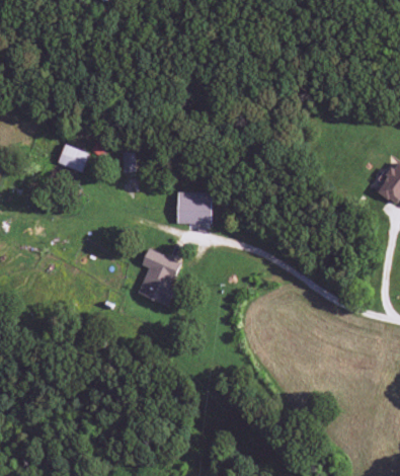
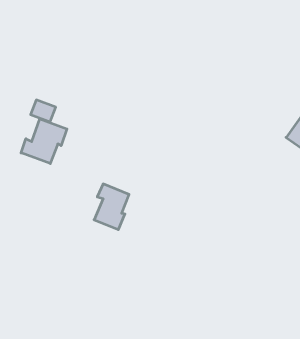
building: none -> [21,119,67,164]
building: [177,192,212,225] -> none

